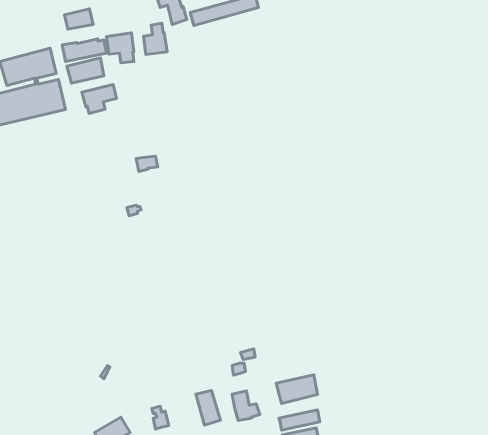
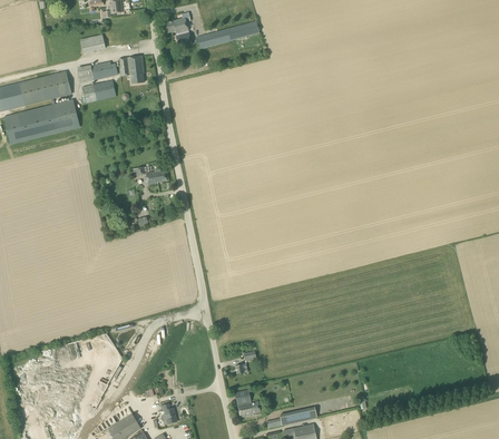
building: [143,23,167,54] -> none
building: [82,85,116,114] -> none
building: [276,375,317,403] -> none
building: [196,391,221,425] -> none

